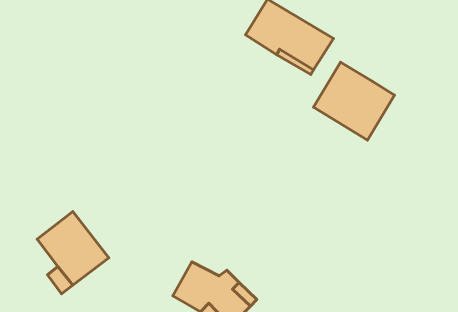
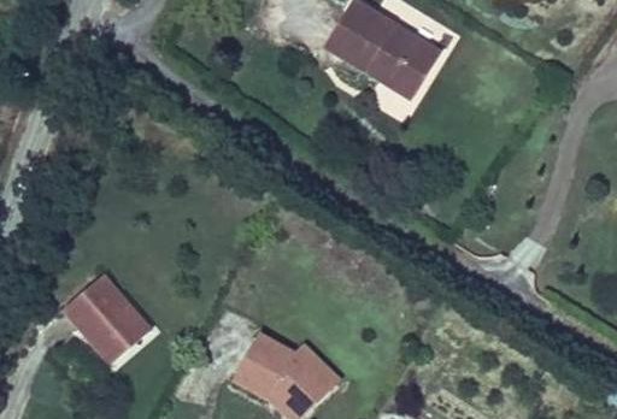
building: [313,62,394,140] -> none

